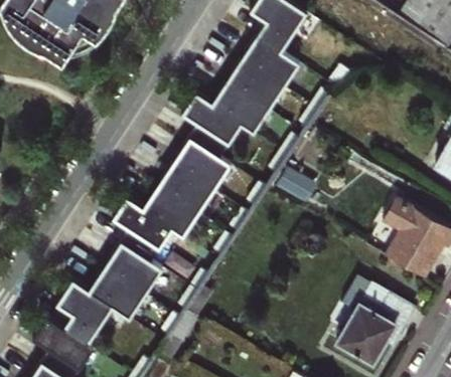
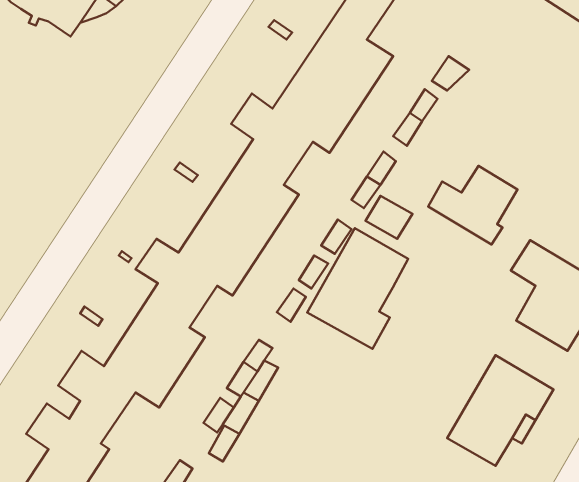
building: none -> [428,166,517,245]
building: none -> [307,228,408,349]

